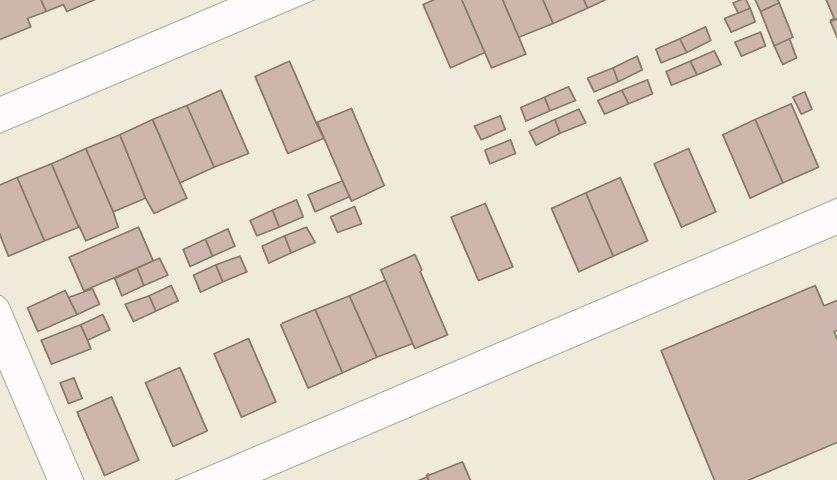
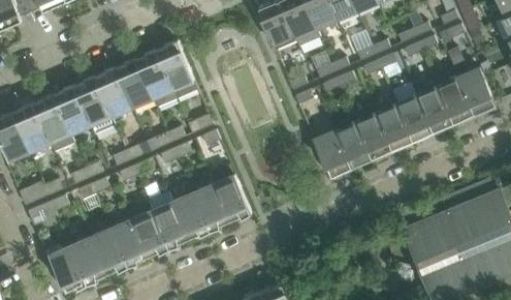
building: [317,109,384,201] -> [135,52,175,108]
building: none -> [417,87,454,133]
building: none -> [376,104,413,151]
building: [451,203,513,281] -> [314,131,351,178]
building: [69,227,153,291] -> none
building: [381,254,448,349] -> [148,191,188,248]
building: none -> [110,219,148,266]
building: none -> [69,237,106,283]

